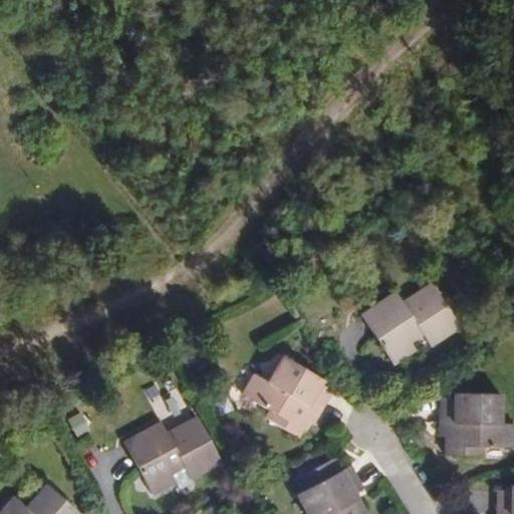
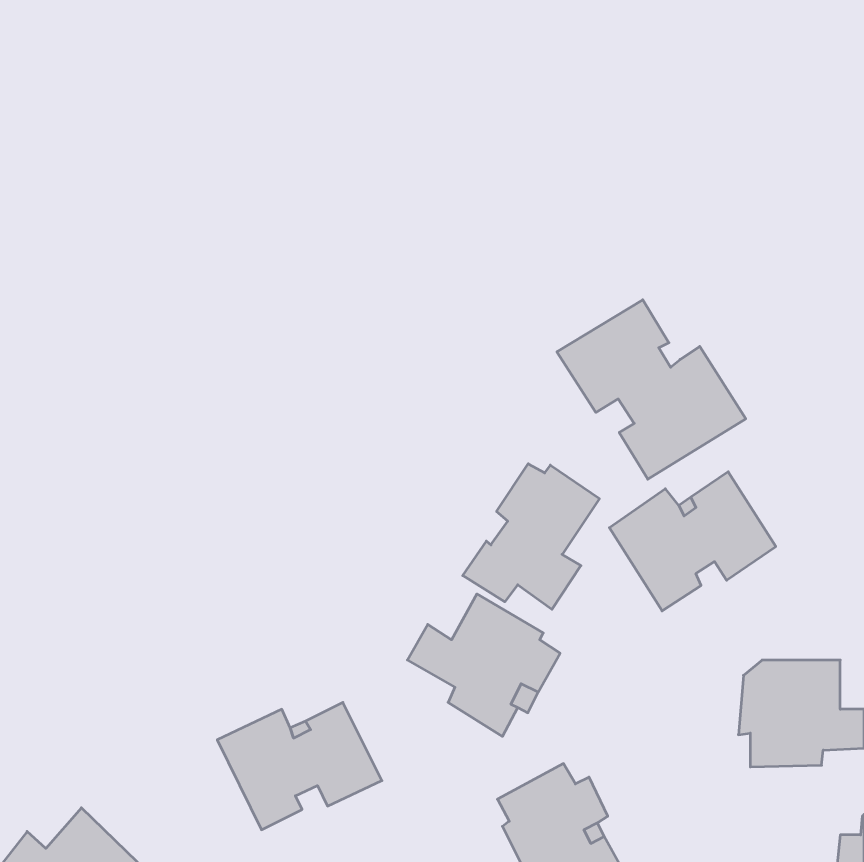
building: none -> [557,300,746,479]
building: none -> [463,464,599,609]

